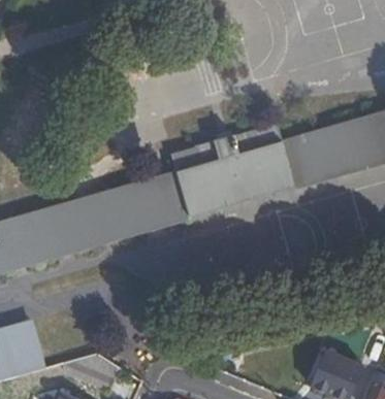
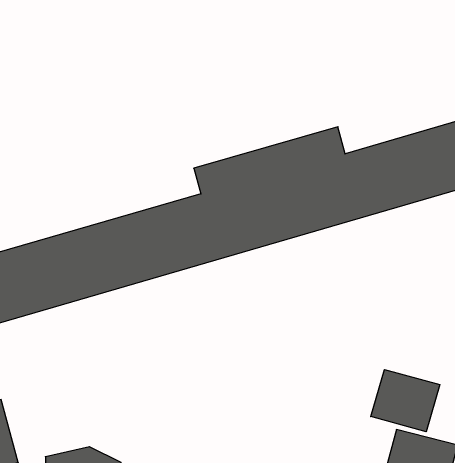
building: none -> [371,370,440,432]

